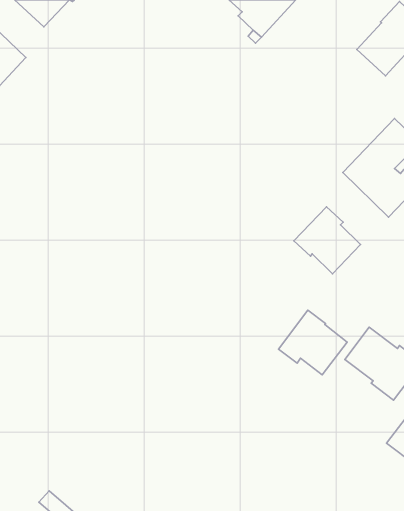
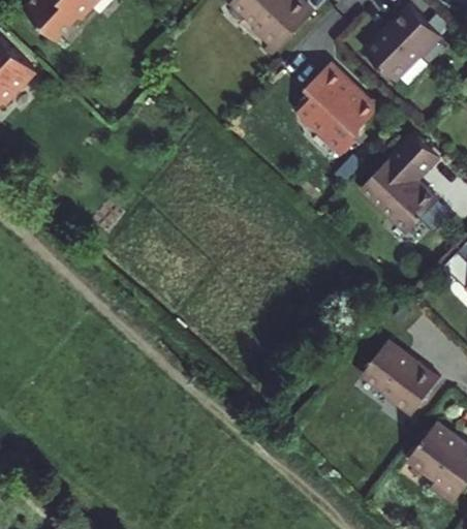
building: none -> [294,60,375,152]
building: [294,207,361,274] -> none
building: [278,310,347,375] -> none

